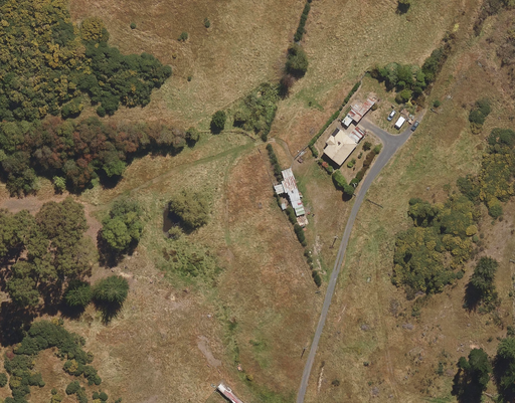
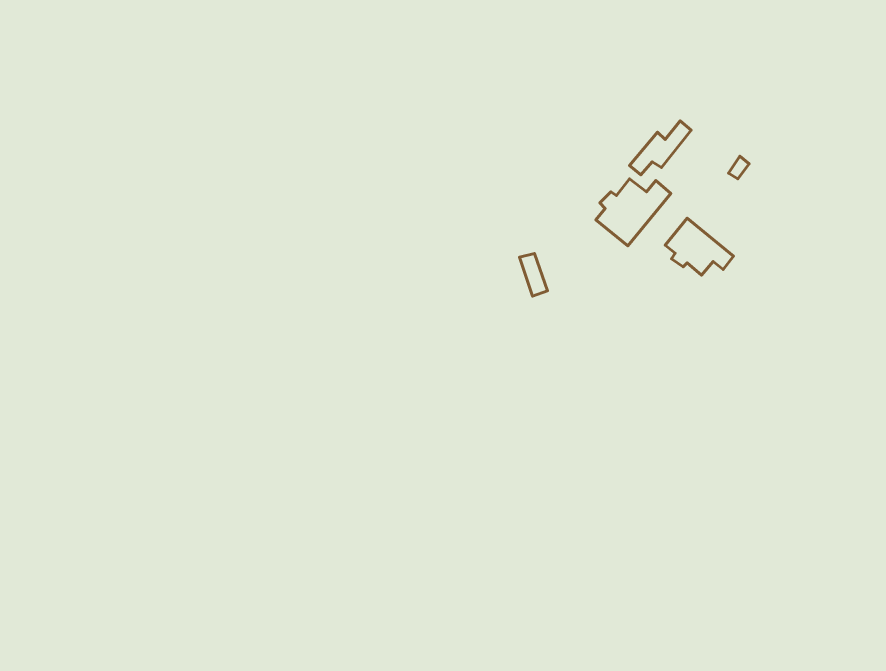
building: none -> [665,218,734,275]

